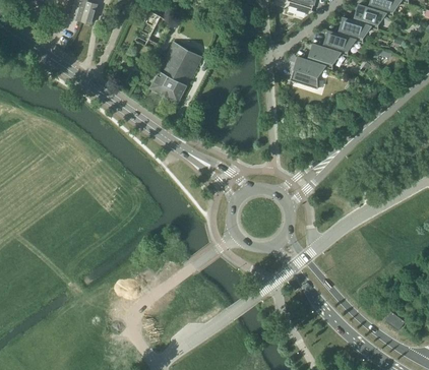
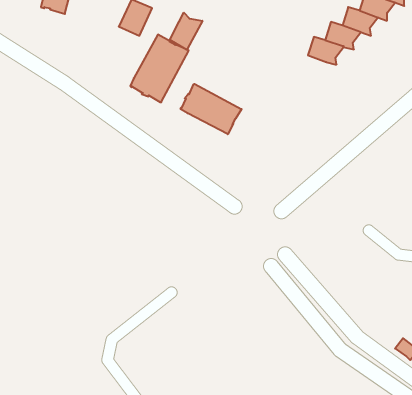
building: none -> [170,13,202,50]
building: [291,57,324,88] -> none
building: none -> [181,84,242,134]

